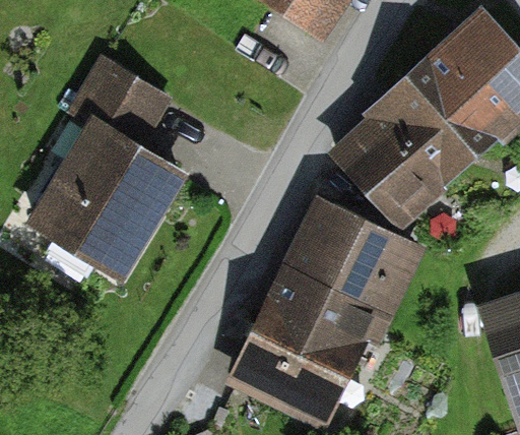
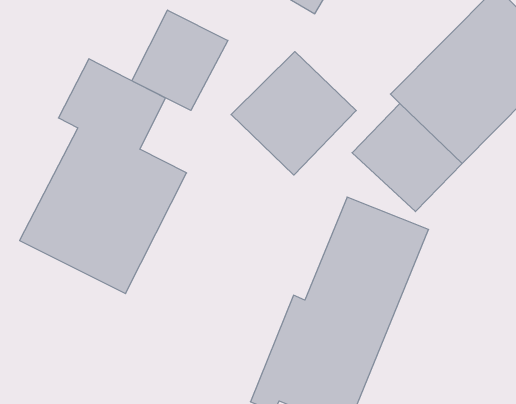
building: none -> [132,10,228,110]
building: none -> [231,52,356,175]

